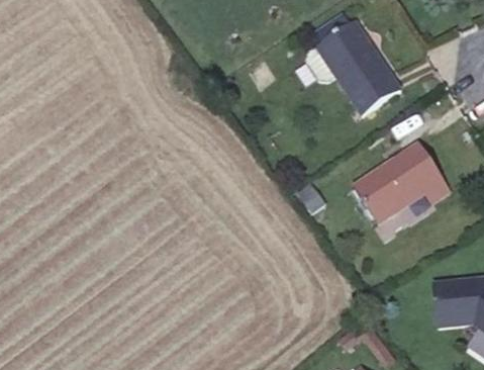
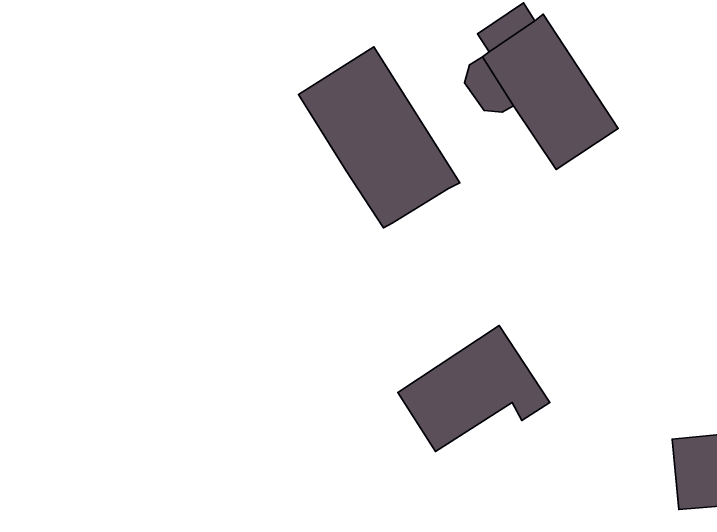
building: none -> [299,47,460,228]
building: [356,144,450,221] -> [398,326,550,451]

